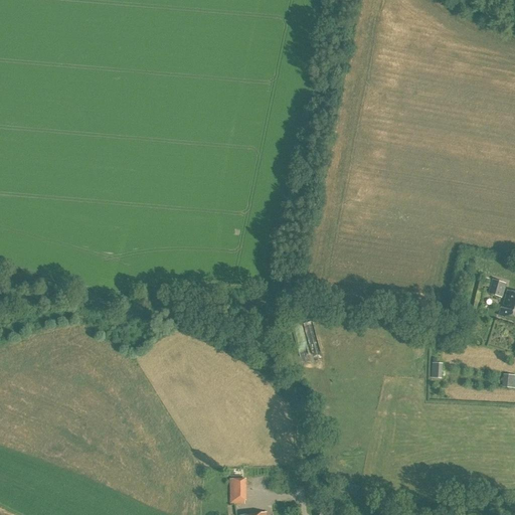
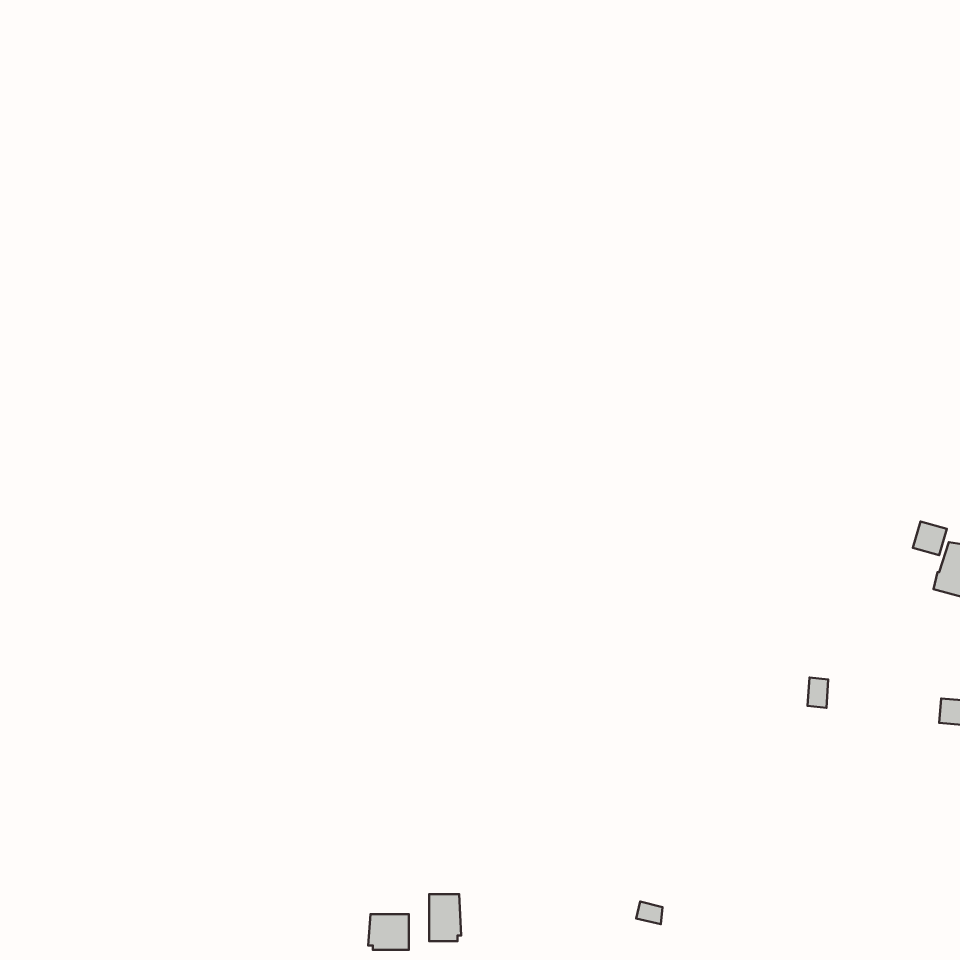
building: none -> [368,914,409,950]

